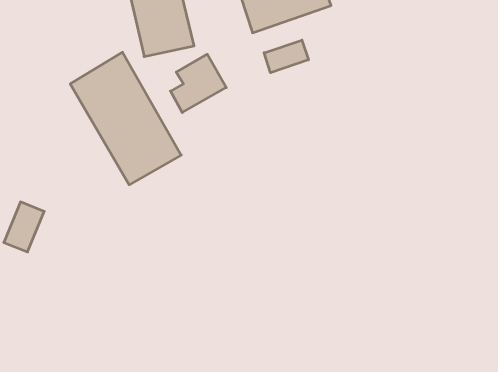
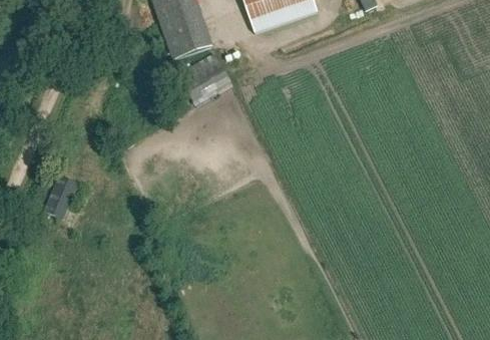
building: [264,40,308,73] -> none
building: [70,52,181,185] -> none

